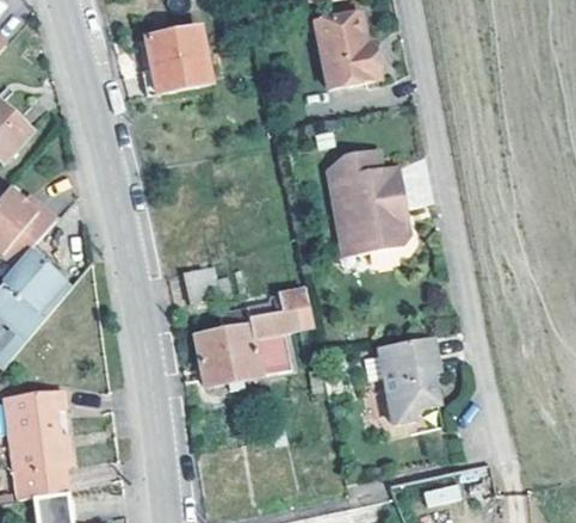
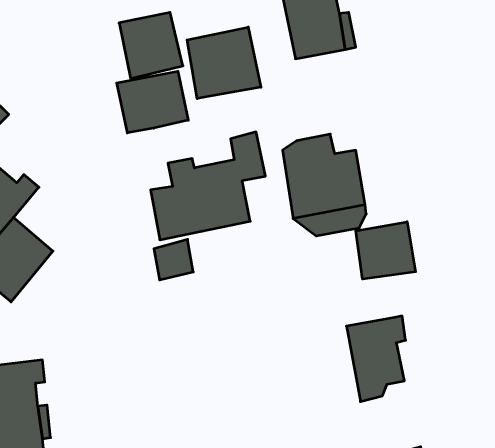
building: none -> [187,27,261,99]
building: none -> [117,71,188,133]
building: none -> [356,222,416,279]
building: [194,275,312,386] -> [151,132,265,240]

